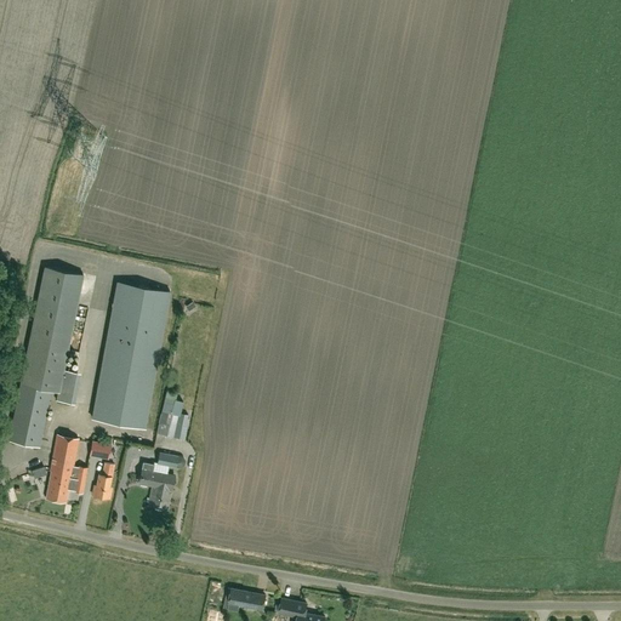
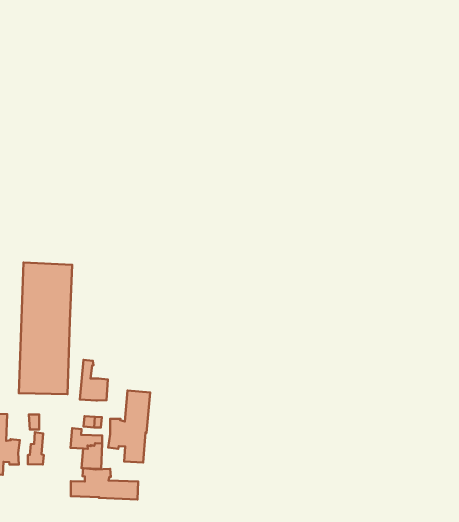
building: none -> [108,390,150,462]
building: none -> [71,468,138,499]

